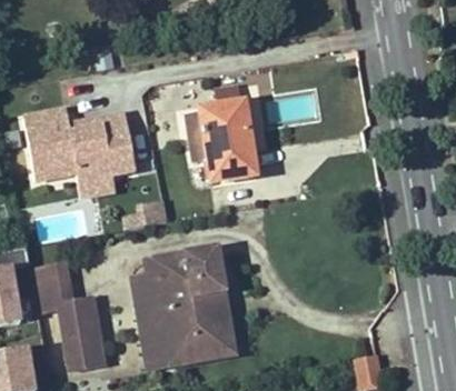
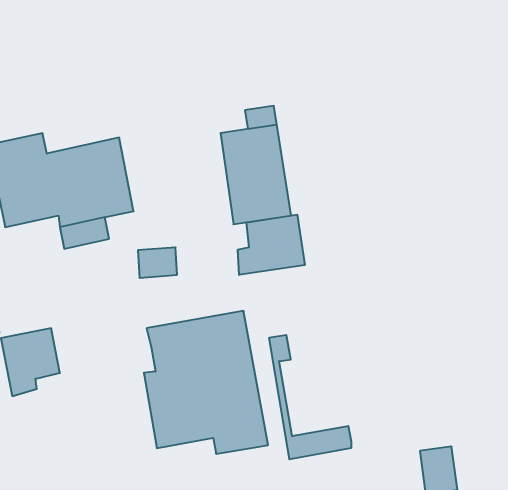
building: none -> [238,215,305,275]
building: [133,275,197,371] -> [269,335,351,459]
building: [58,292,111,370] -> none

